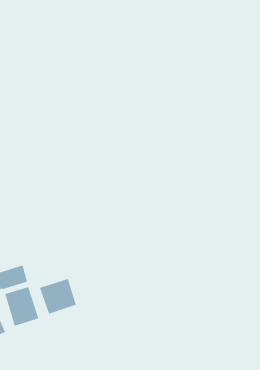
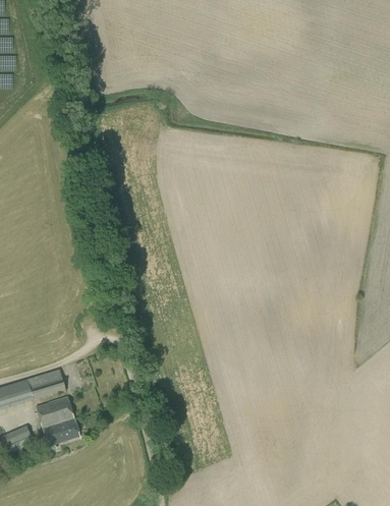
building: [39,278,77,315] -> none

